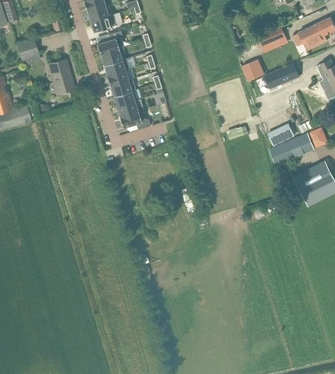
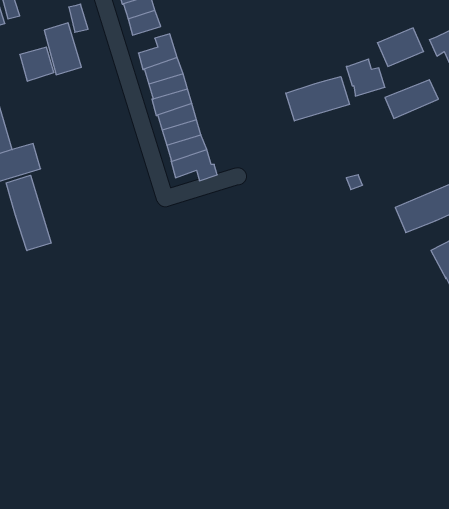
building: [49,59,74,94] -> [44,23,81,75]
building: none -> [286,77,349,121]
building: [268,122,296,145] -> none
building: none -> [6,175,51,251]

